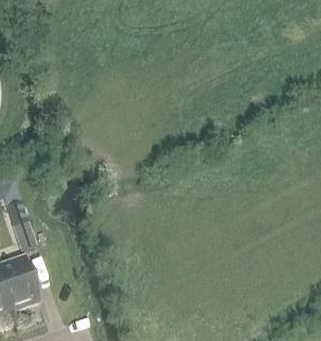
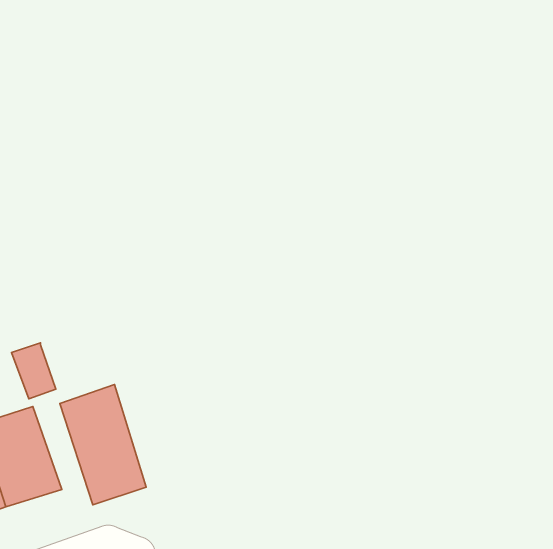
building: none -> [60,384,146,505]

